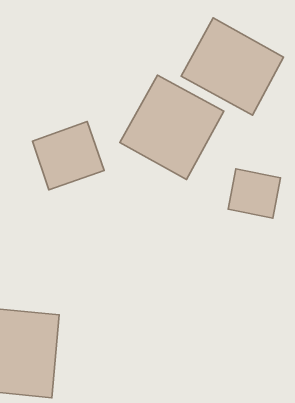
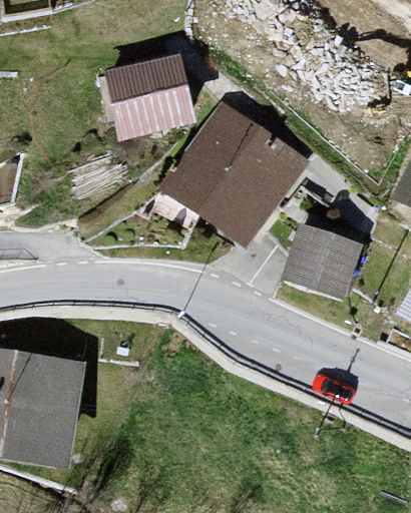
building: [181,18,284,115] -> none
building: [33,122,104,190] -> [112,56,192,131]

